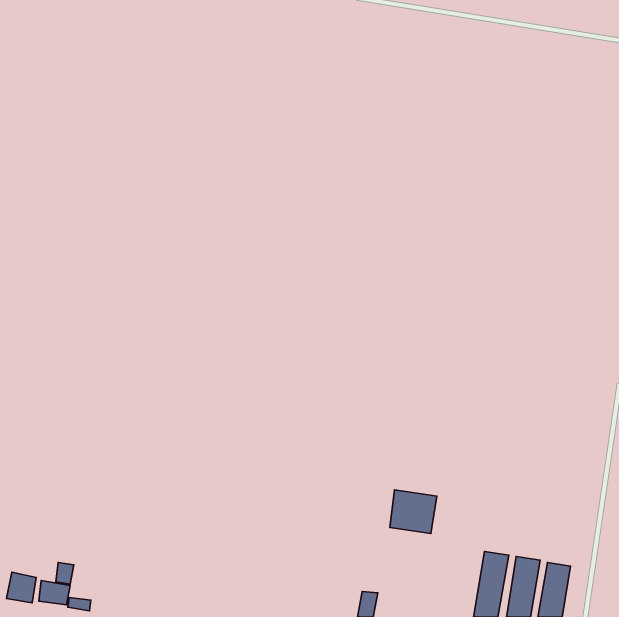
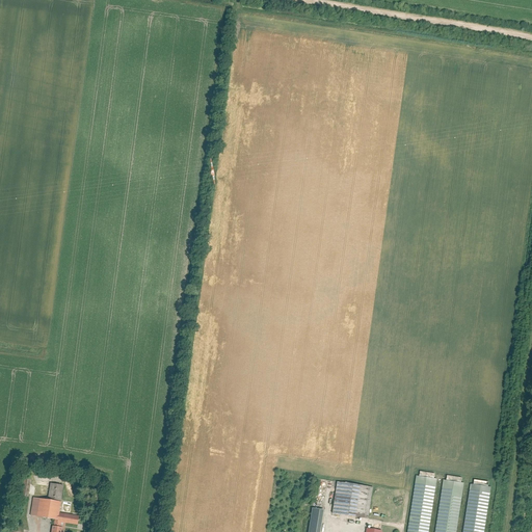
building: [390,490,437,534] -> [331,481,372,518]
building: [7,572,36,603] -> none

